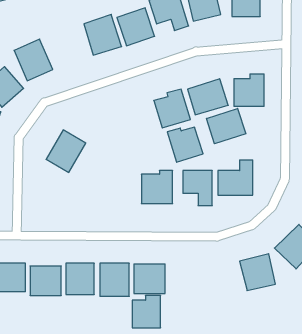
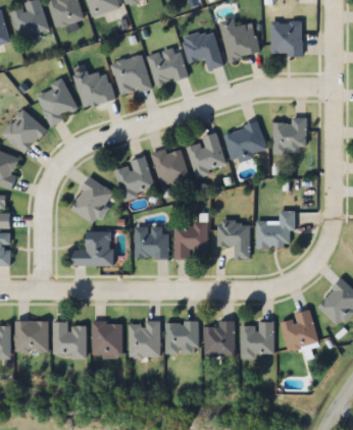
building: none -> [74,66,115,108]
building: [207,108,246,144] -> none
building: none -> [114,157,154,199]
building: [167,127,203,162] -> [150,148,189,185]
building: none -> [135,227,168,259]
building: none -> [72,231,112,266]
building: none -> [241,322,273,357]
building: [132,296,161,328] -> [204,321,235,356]

